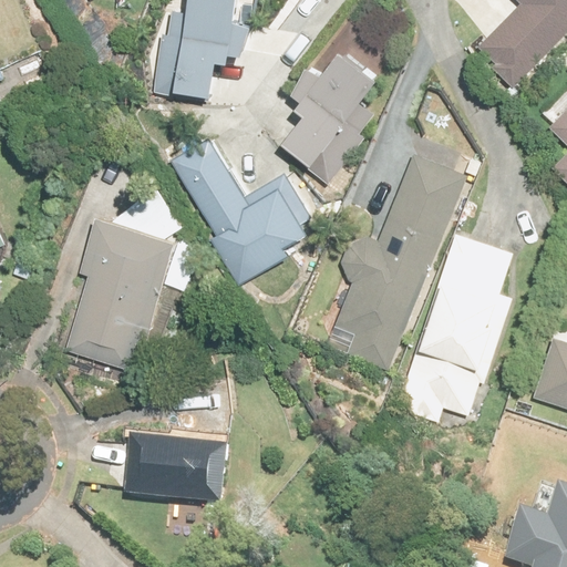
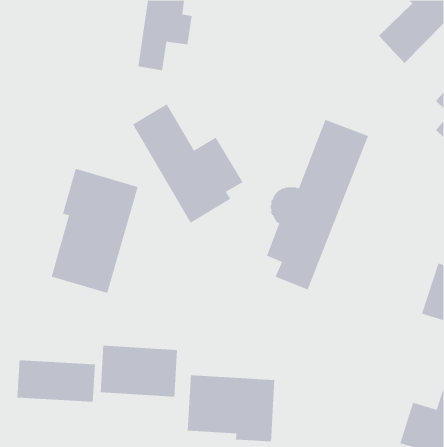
building: [281,48,379,185] -> none
building: [398,235,514,431] -> none
building: none -> [17,359,95,403]
building: none -> [187,375,275,442]

